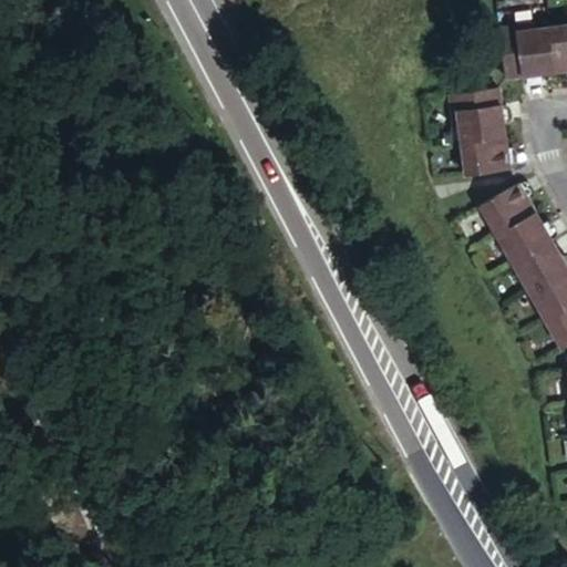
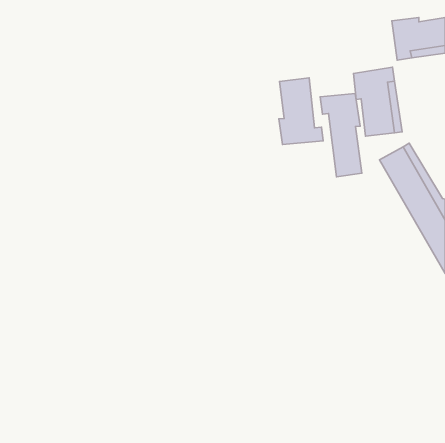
building: none -> [279,78,323,144]
building: none -> [320,94,362,177]

